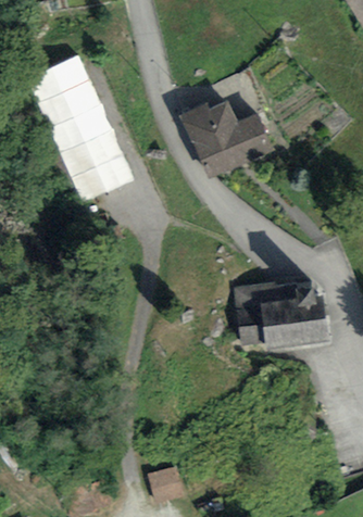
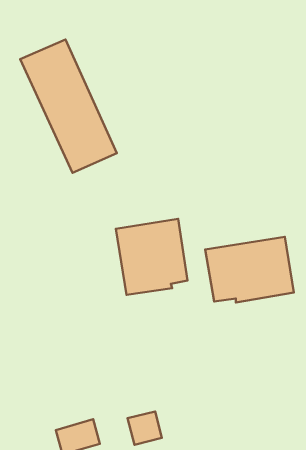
building: [182,99,273,176] -> none
building: none -> [116,219,188,295]

